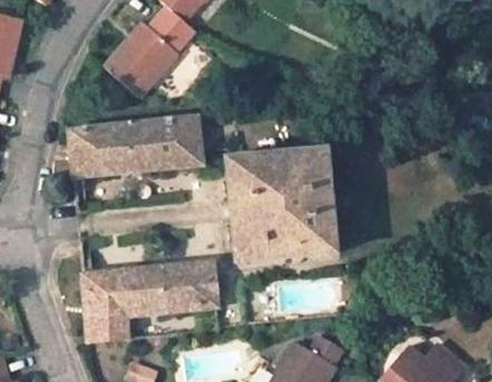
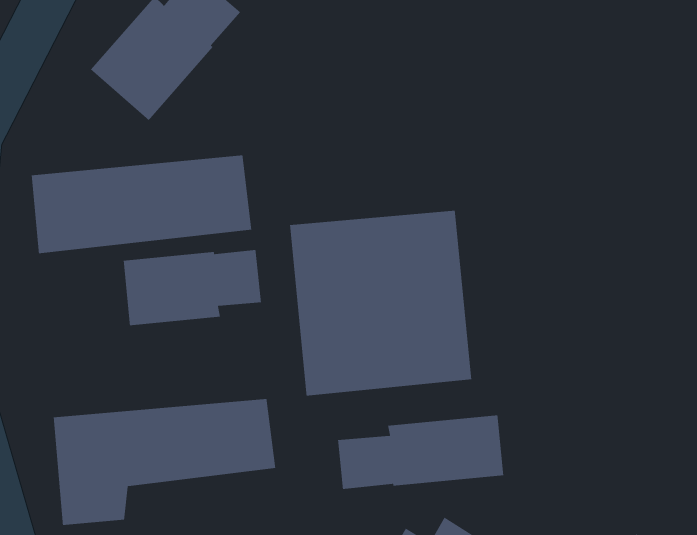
building: none -> [123,249,262,326]
building: none -> [337,414,504,490]

